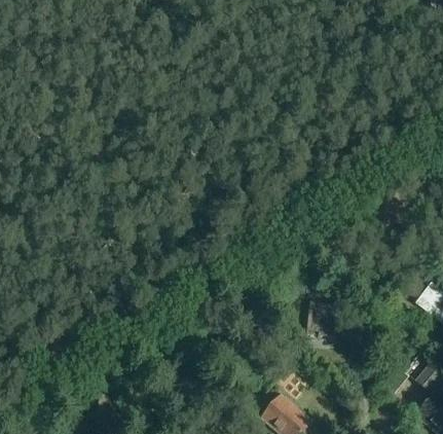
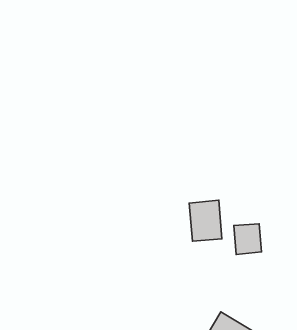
building: none -> [189,200,222,241]

